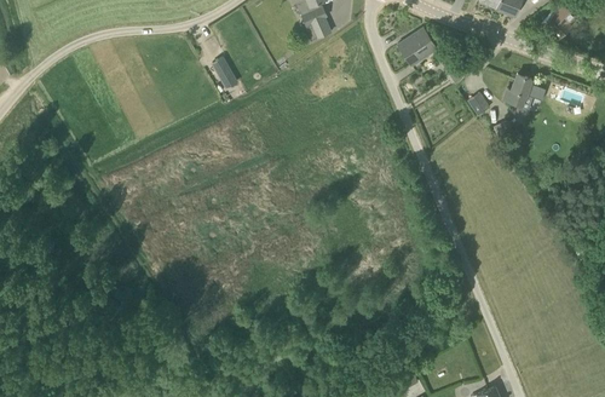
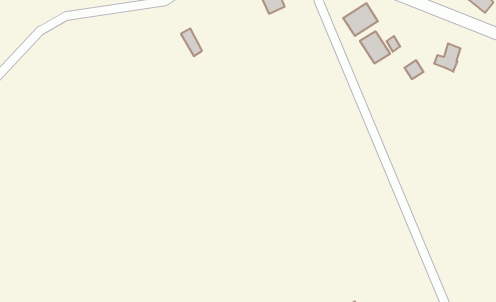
building: none -> [360,31,390,64]

